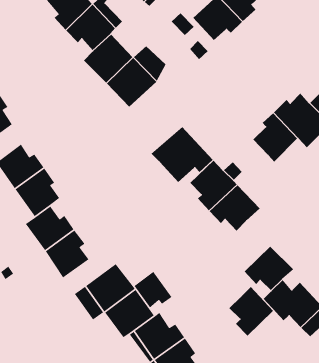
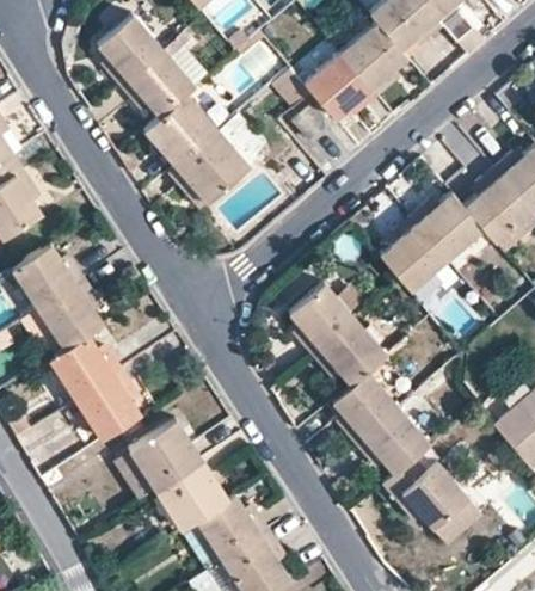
building: [151,126,214,183] -> none
building: [133,271,173,309] -> none
building: [228,286,274,336] -> [332,373,396,444]

